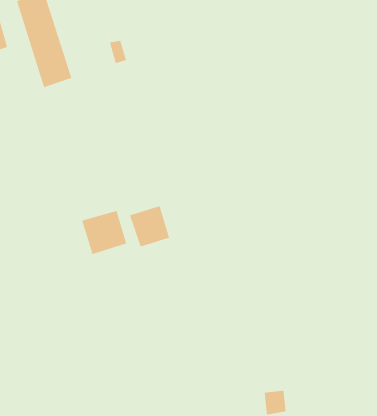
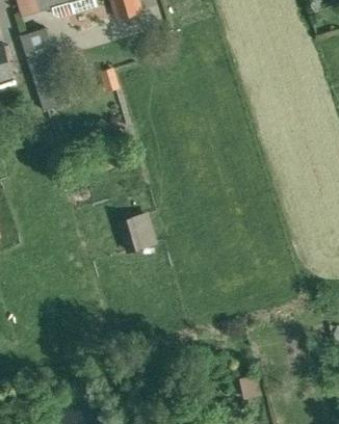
building: [82,210,127,255] -> none

